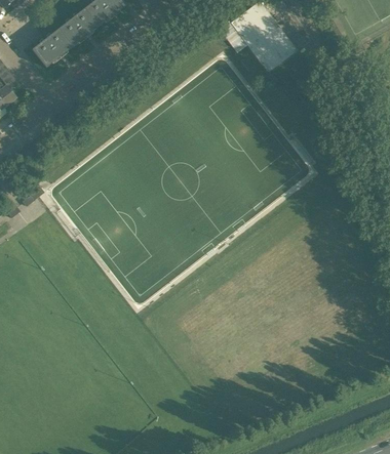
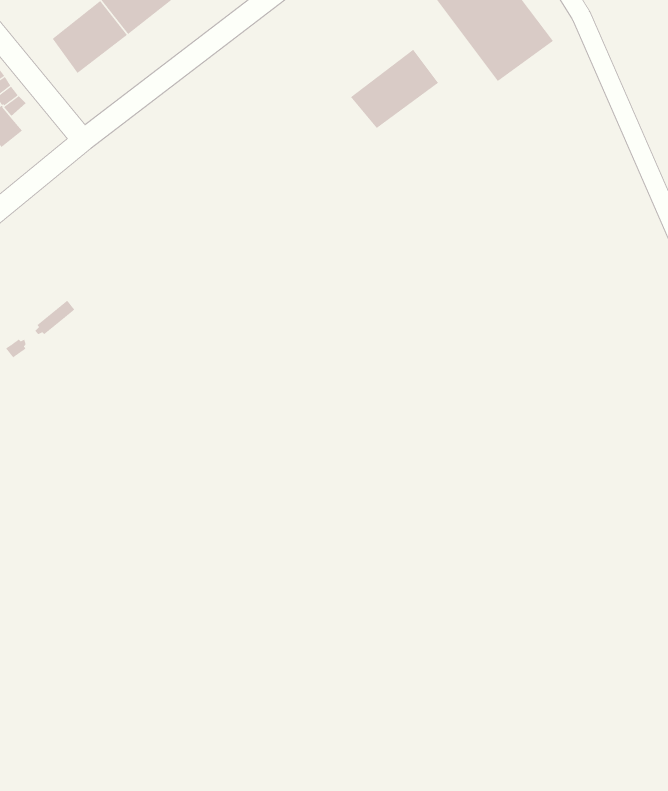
building: none -> [350,49,439,129]

